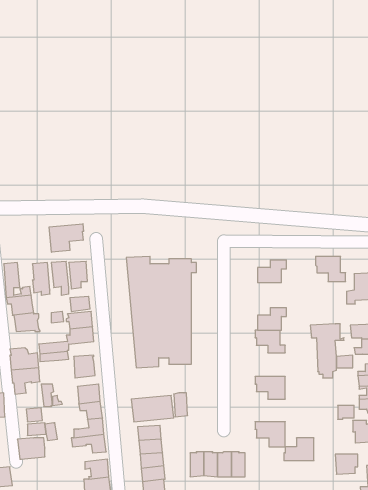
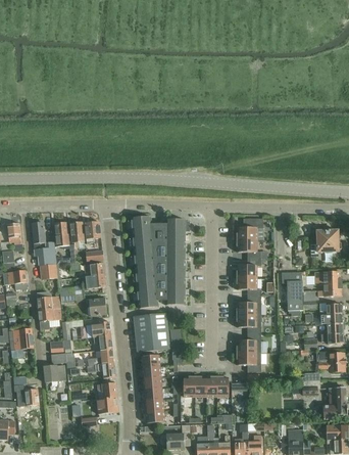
building: [49,224,84,252] -> none
building: [316,256,346,282] -> [236,237,260,258]
building: none -> [236,294,260,314]
building: none -> [134,312,167,332]
building: [284,438,314,461] -> [236,332,260,351]

